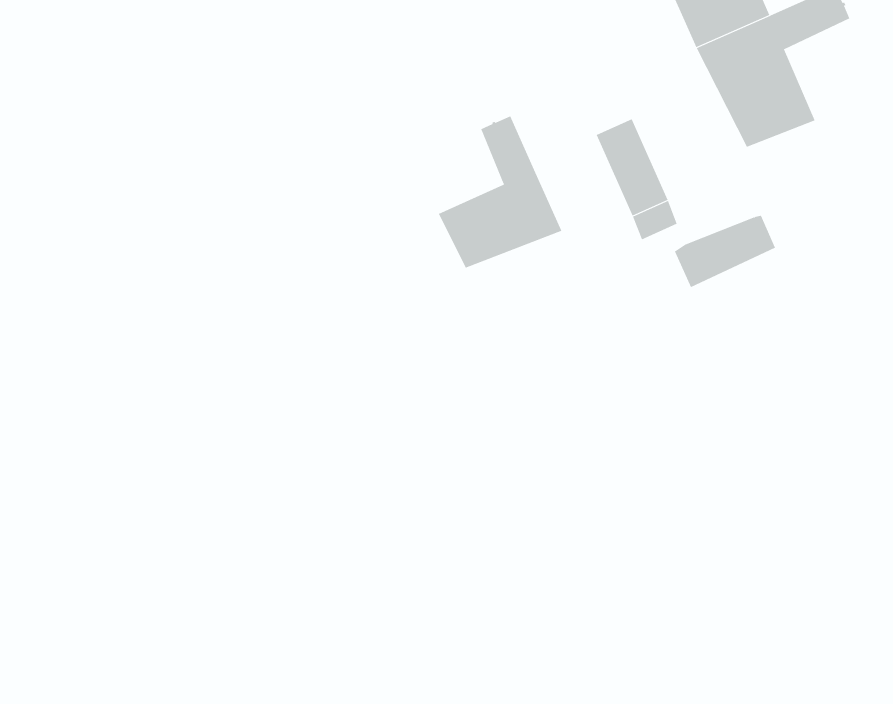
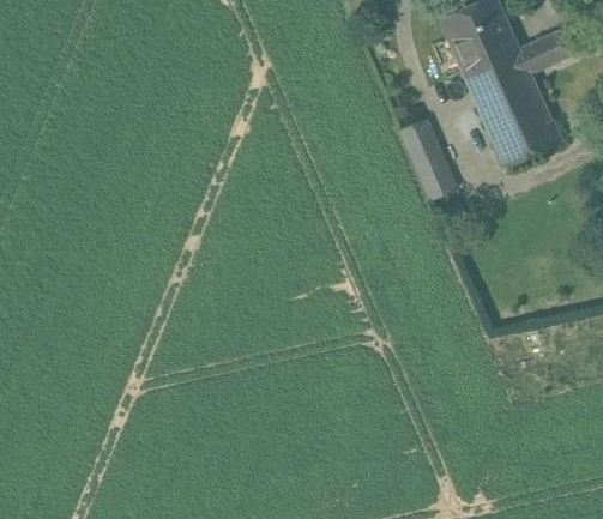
building: [438,115,562,268] -> none
building: [674,215,776,288] -> [493,119,560,167]

